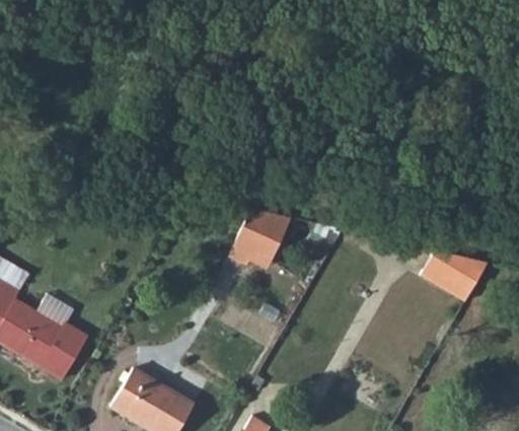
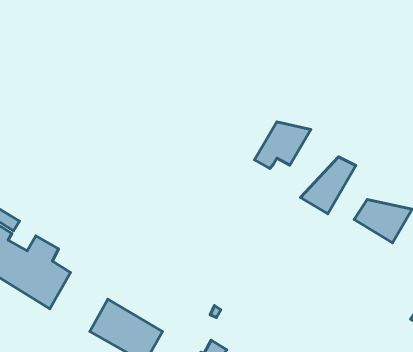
building: none -> [300,157,356,214]
building: [223,210,289,265] -> [254,122,311,169]

